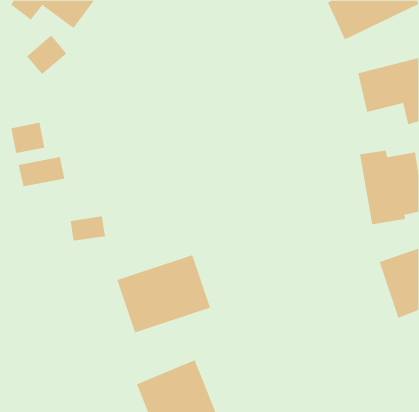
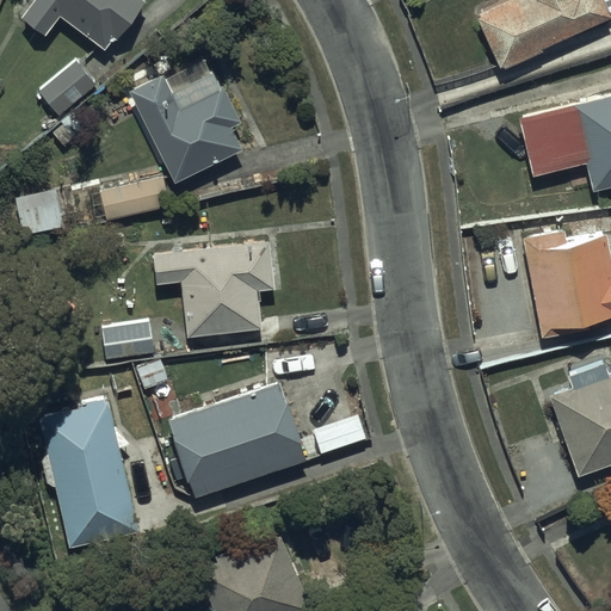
building: none -> [128,56,240,180]
building: [18,157,65,187] -> [101,181,171,226]
building: none -> [153,240,273,337]
building: none -> [37,400,138,544]

